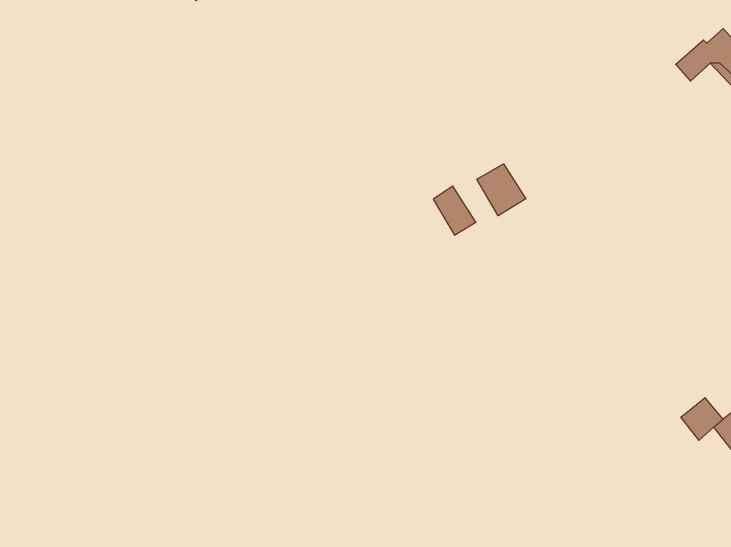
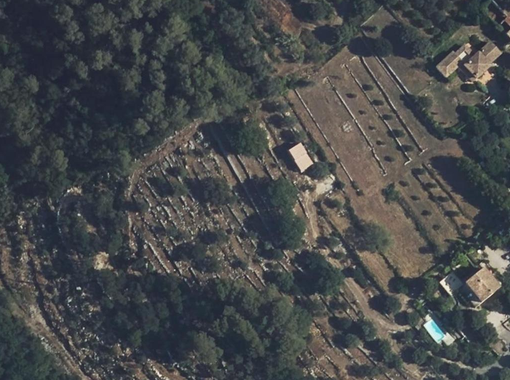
building: [477,164,526,216] -> none

